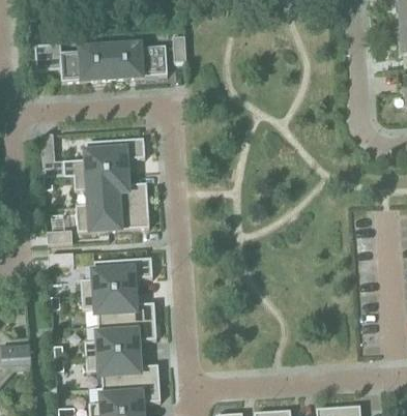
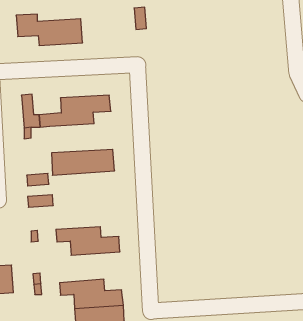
building: [109,44,166,77] -> none
building: [72,171,146,204] -> none
building: [79,257,151,294] -> none
building: [83,320,155,356] -> none

